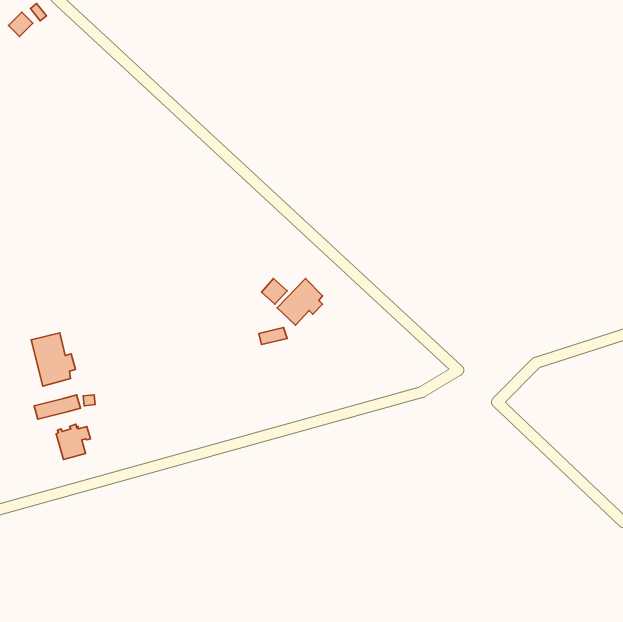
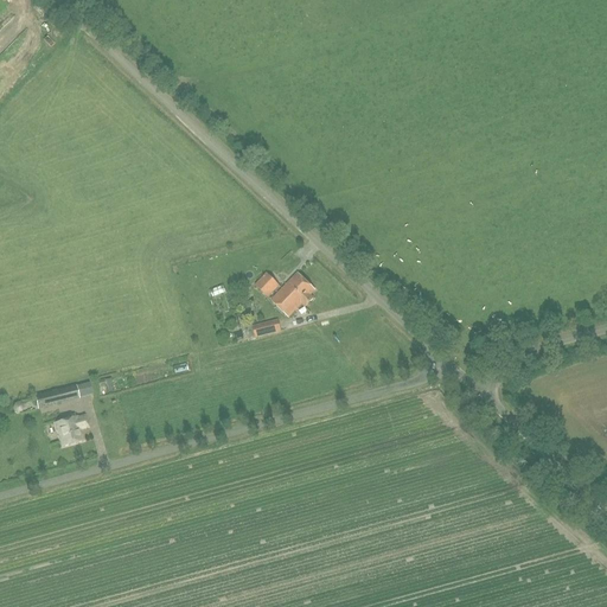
building: [31,333,76,386] -> none

